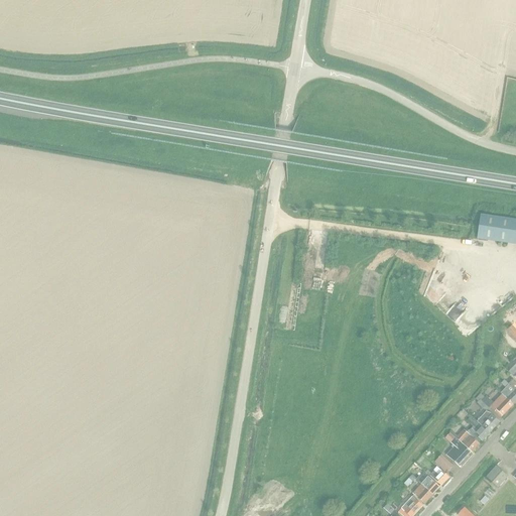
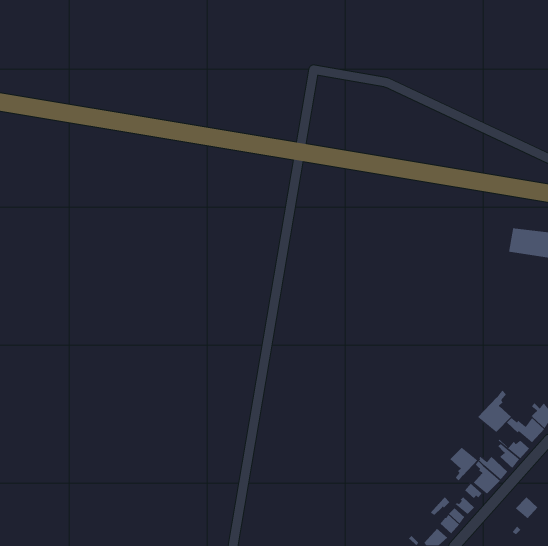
building: none -> [477,390,512,433]
building: none -> [450,447,478,482]

